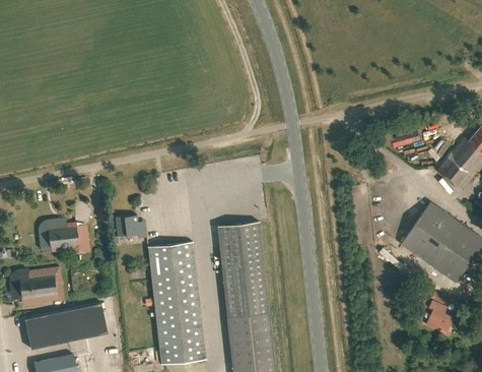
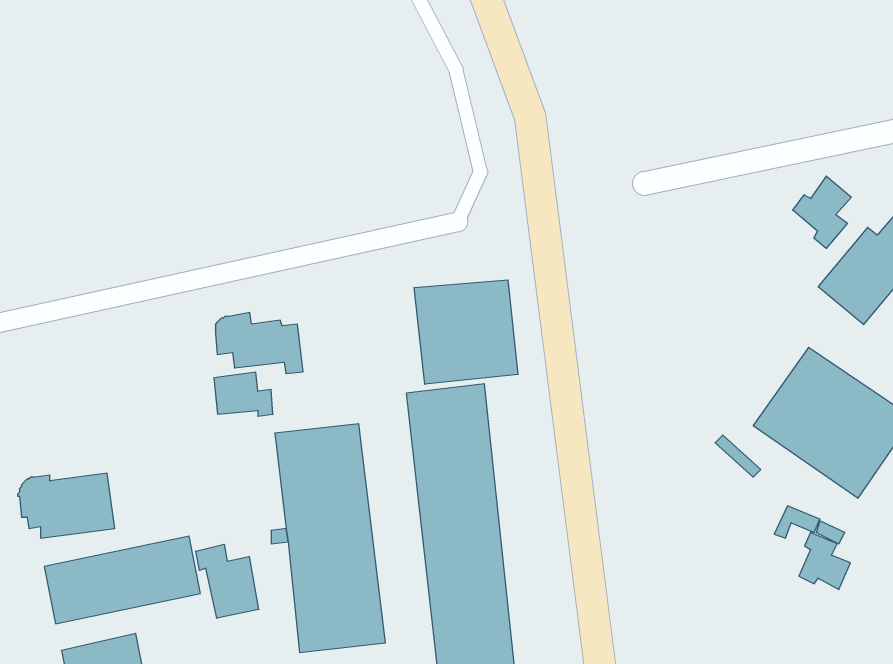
building: none -> [793,176,851,248]
building: none -> [414,280,518,384]
building: [41,221,87,253] -> [215,313,303,374]
building: none -> [196,544,259,618]

